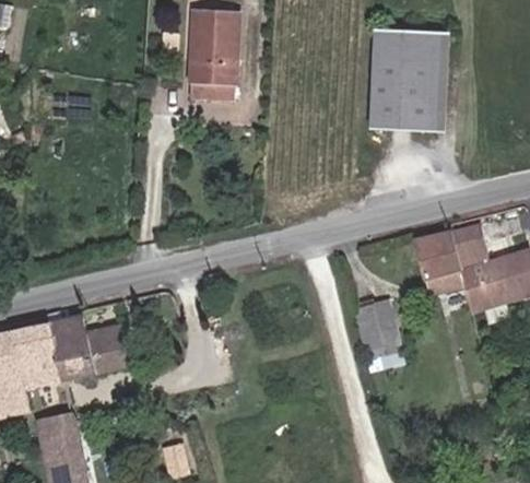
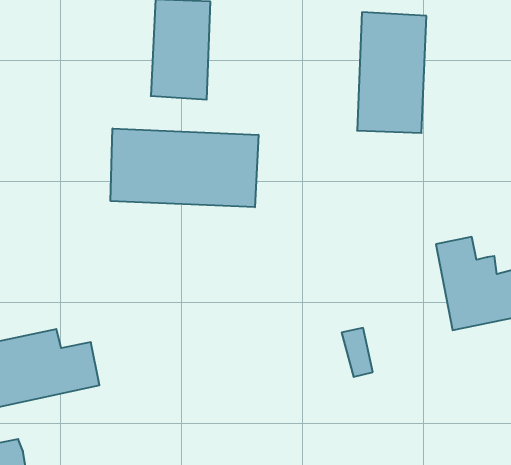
building: none -> [111,128,258,207]
building: [407,233,458,281] -> none

